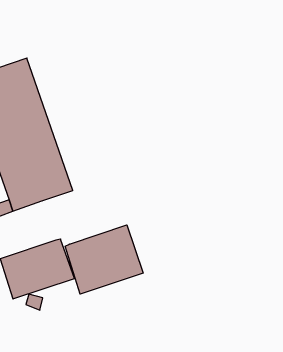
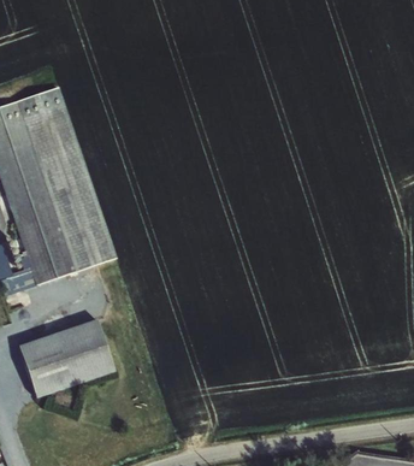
building: [65,225,143,294] -> none

